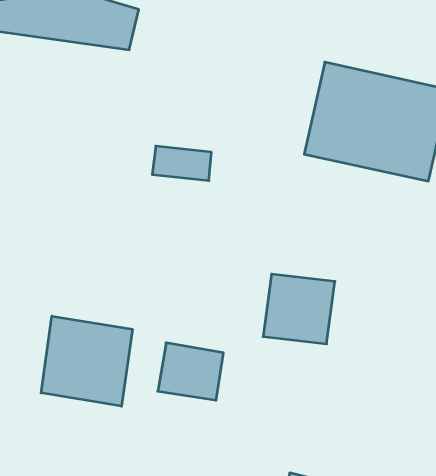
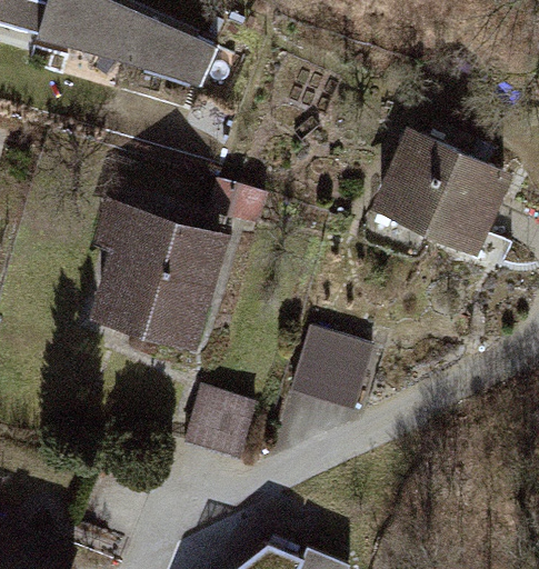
building: none -> [88,196,227,347]
building: [41,316,132,406] -> none

